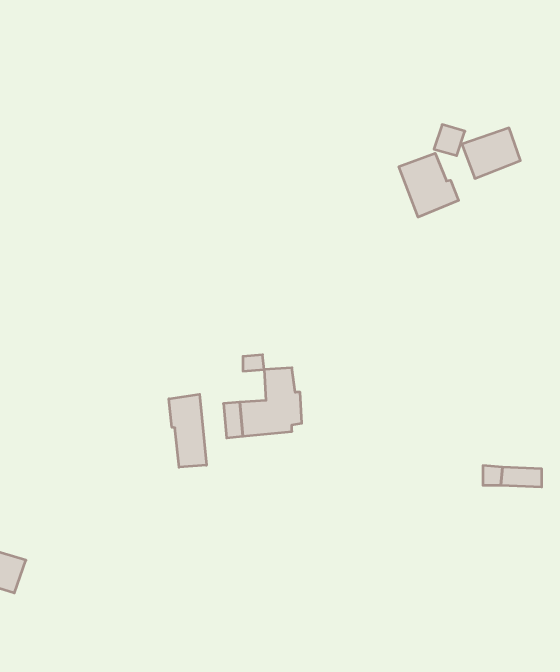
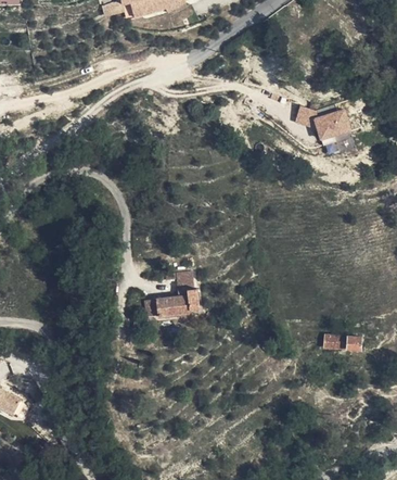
building: [399,153,459,217] -> none
building: [169,394,206,467] -> none

